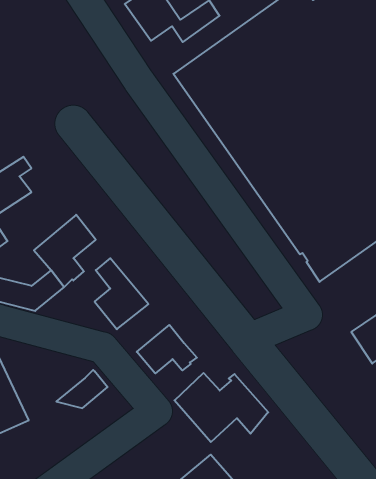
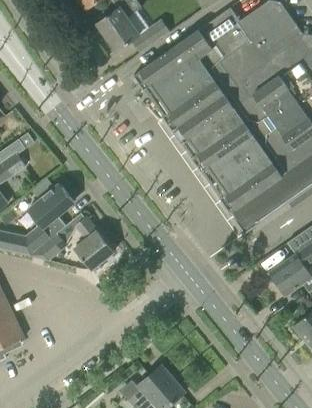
building: [137,325,197,373] -> none
building: [56,370,108,408] -> [28,232,67,261]
building: [174,373,268,442] -> none

